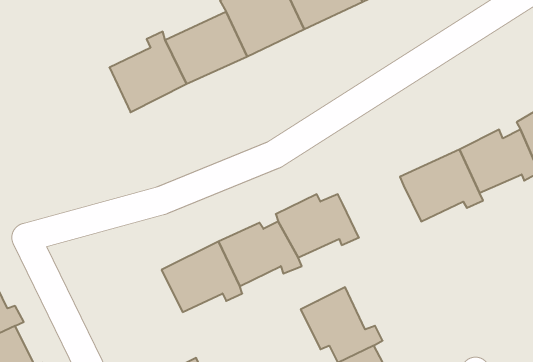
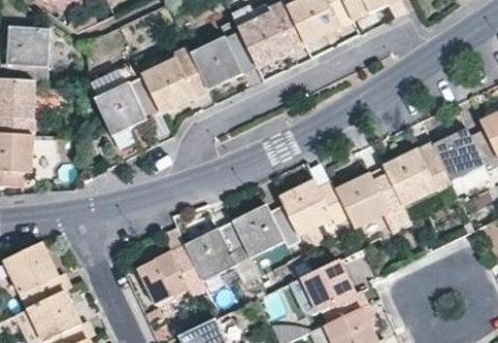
building: none -> [91,66,159,135]
building: none -> [335,174,403,227]
building: none -> [136,244,204,303]

